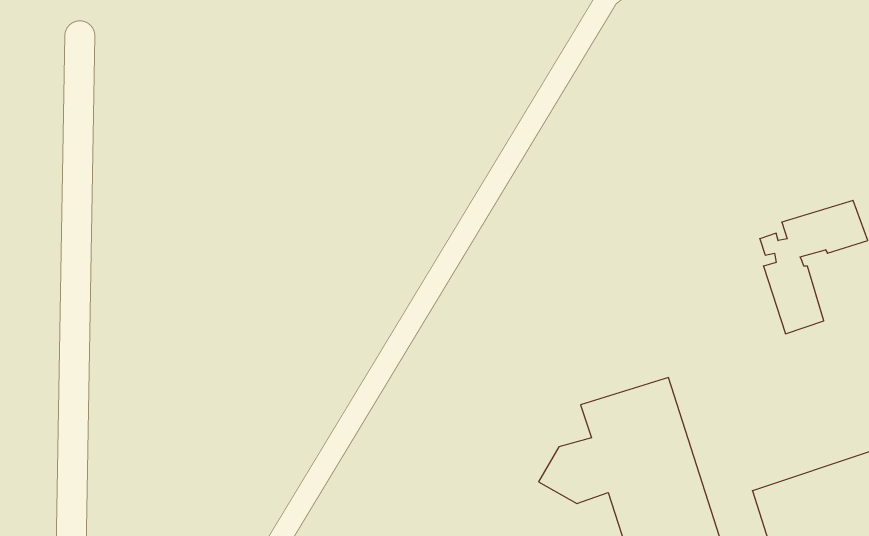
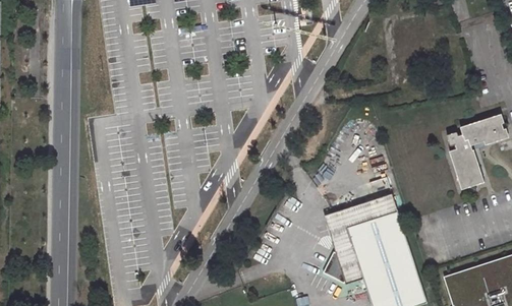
building: none -> [325,195,396,251]

